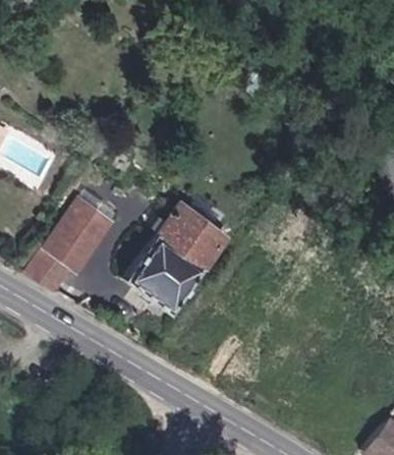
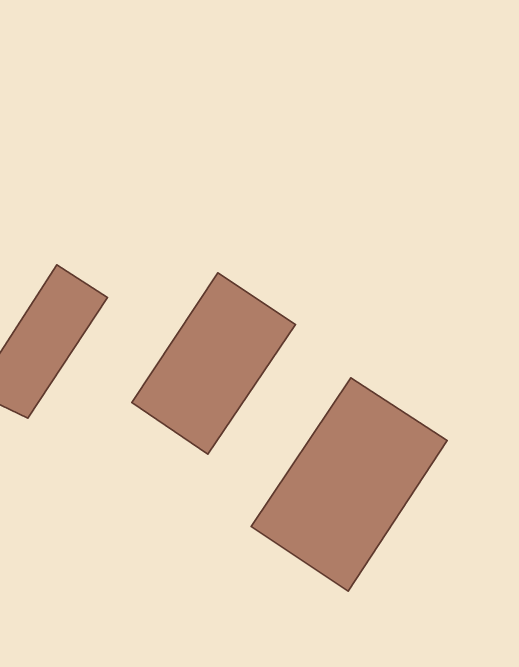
building: none -> [251,378,447,591]

